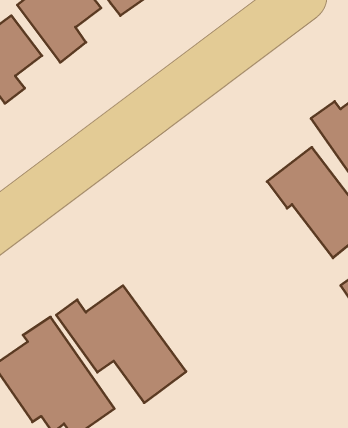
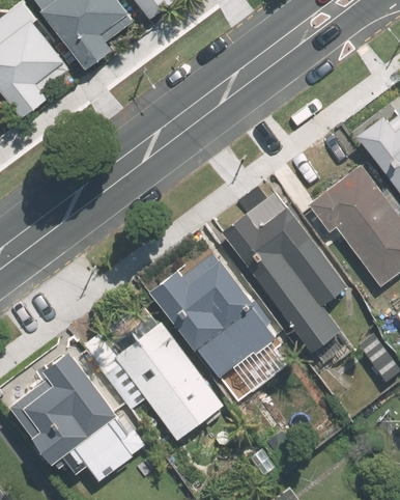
building: none -> [222,194,354,373]
building: none -> [152,247,280,383]

